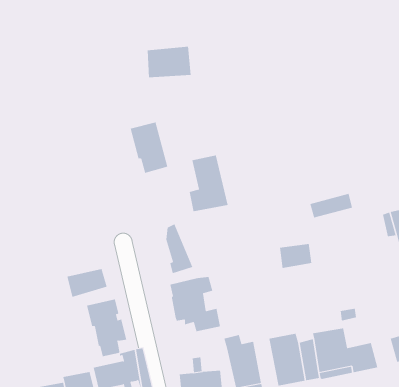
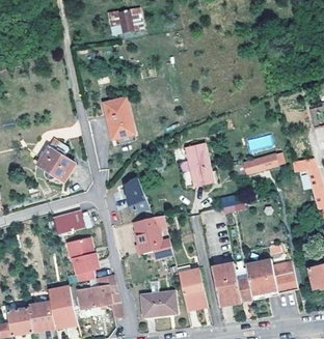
building: [147,46,192,78] -> [108,7,143,32]
building: [189,155,228,212] -> [183,143,214,188]
building: none -> [37,144,75,180]

